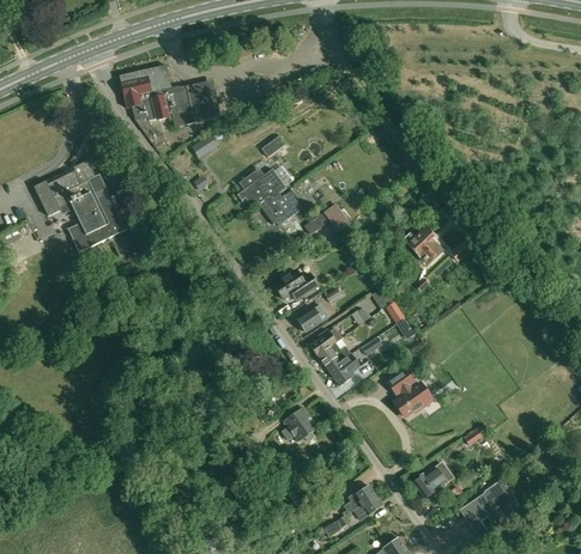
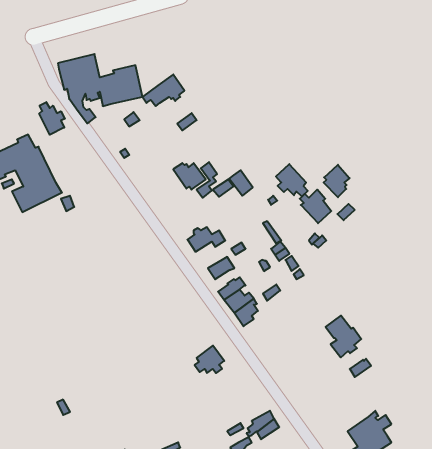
building: none -> [39,102,65,135]
building: [236,168,285,205] -> [143,74,184,106]
building: none -> [276,164,308,197]
building: none -> [324,165,350,197]
building: [387,367,429,416] -> [326,316,361,357]
building: [413,459,453,497] -> none

